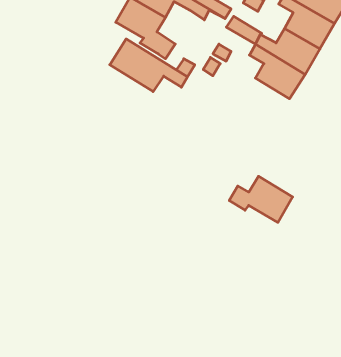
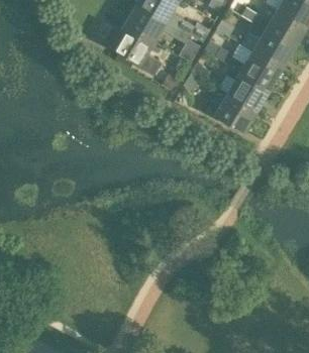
building: [110,39,187,92] -> none
building: [229,176,293,222] -> [205,91,258,129]

